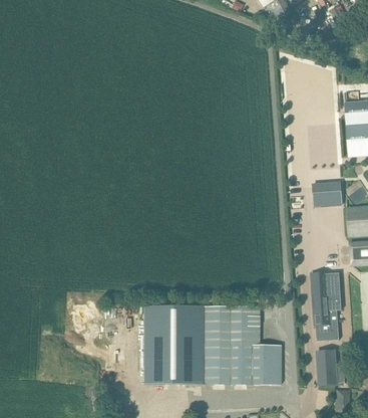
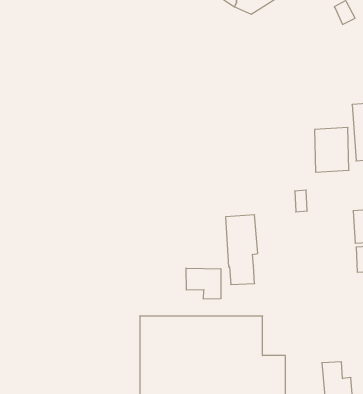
building: [312,181,342,204] -> none
building: none -> [186,268,221,299]
building: [311,270,342,338] -> [226,215,258,285]

